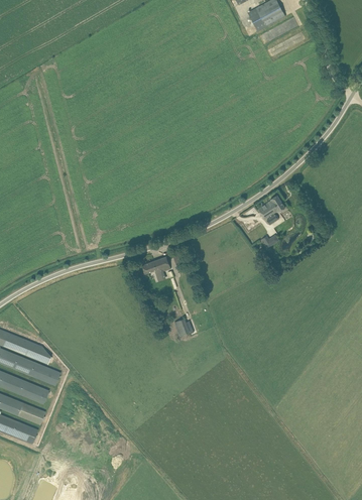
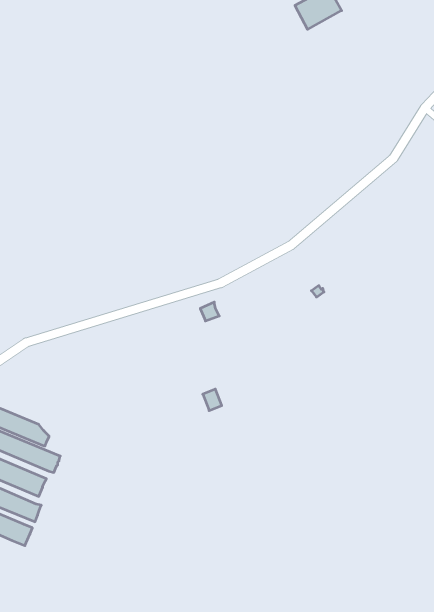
building: [258,195,285,225] -> none
building: [142,256,171,281] -> none

